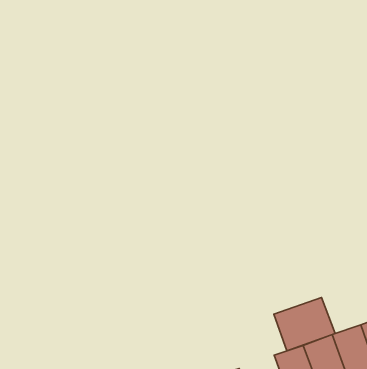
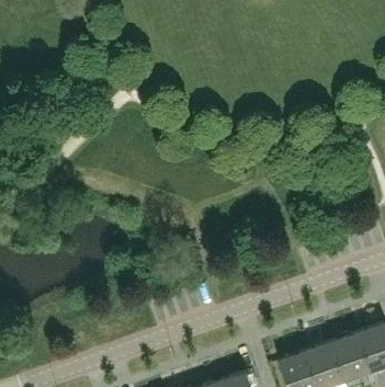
building: [274,298,335,351] -> none

